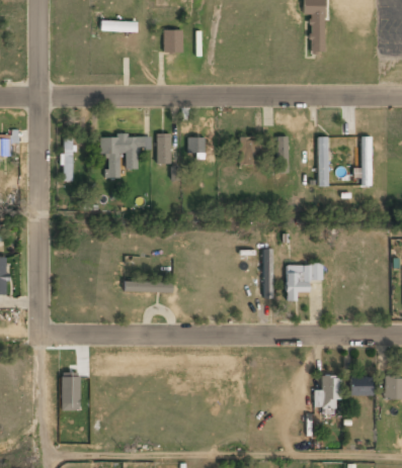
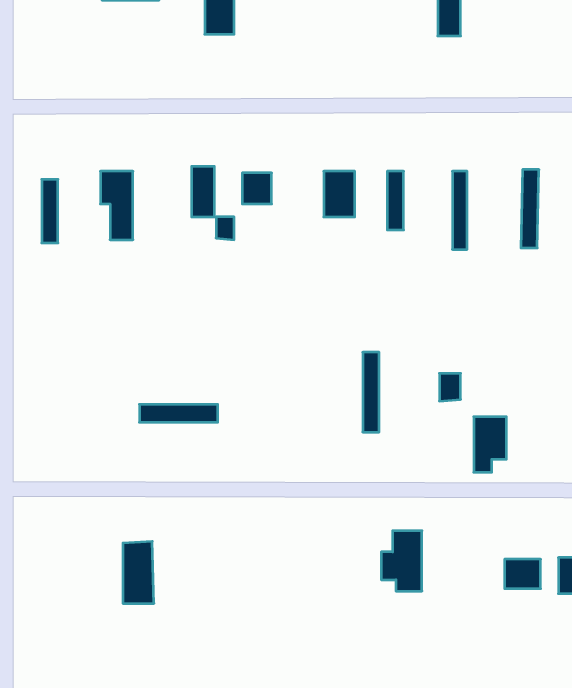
building: [127,136,141,170] -> none
building: [287,266,307,300] -> [474,417,506,472]
building: [62,371,81,409] -> [123,541,154,603]
building: [314,376,339,413] -> [381,531,422,591]

